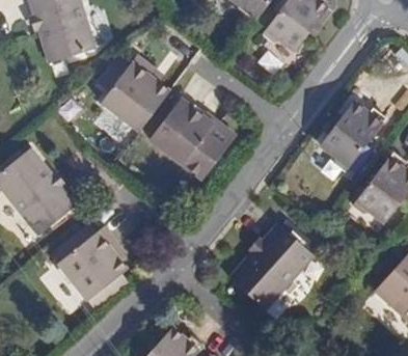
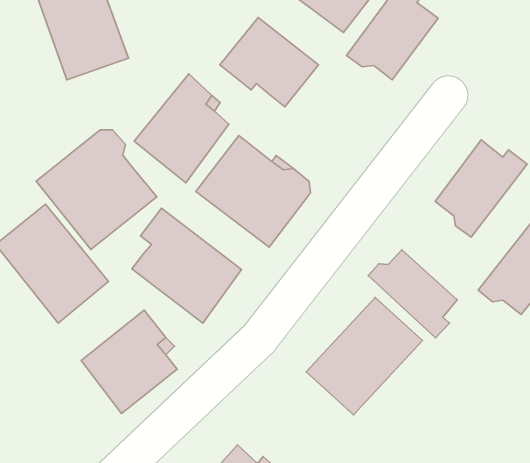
building: none -> [220,18,319,107]
building: none -> [36,130,157,250]
building: none -> [132,208,242,323]
building: none -> [368,250,457,338]

